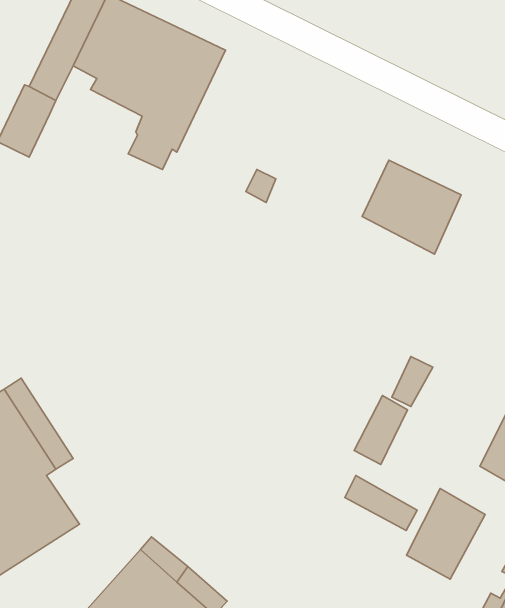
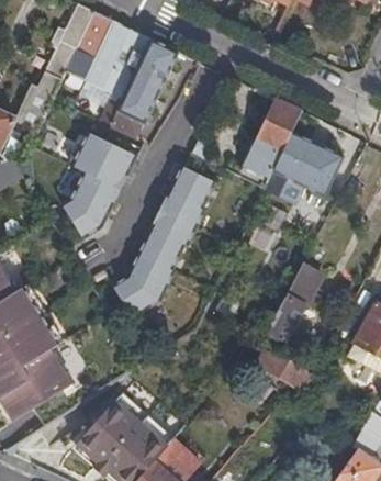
building: none -> [236,98,301,188]
building: none -> [61,133,136,240]
building: none -> [114,166,215,317]
building: [407,488,485,579] -> none

